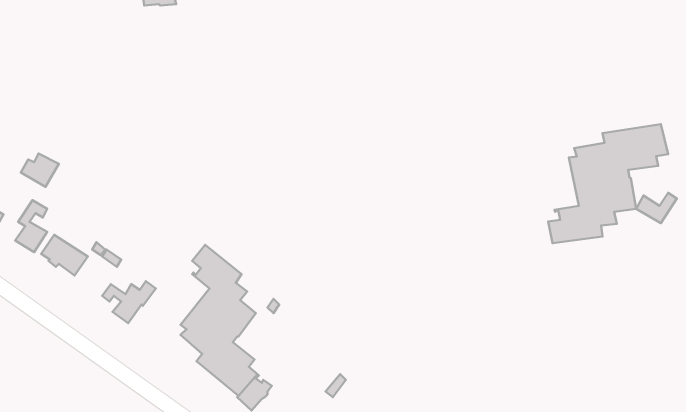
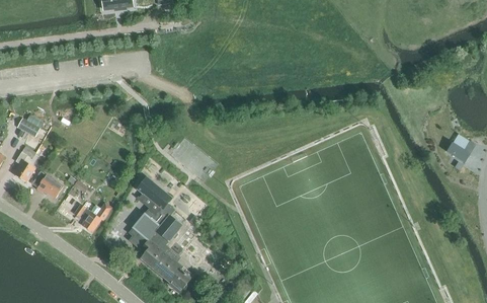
building: [548,124,668,243] -> none

